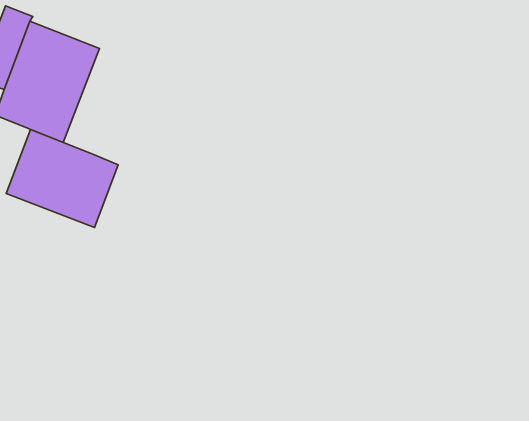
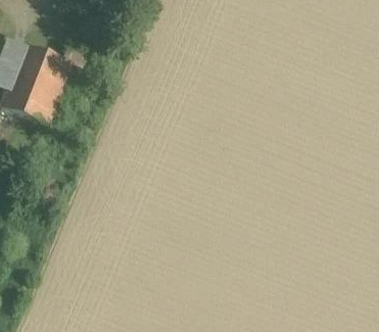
building: [6,130,118,228] -> none

